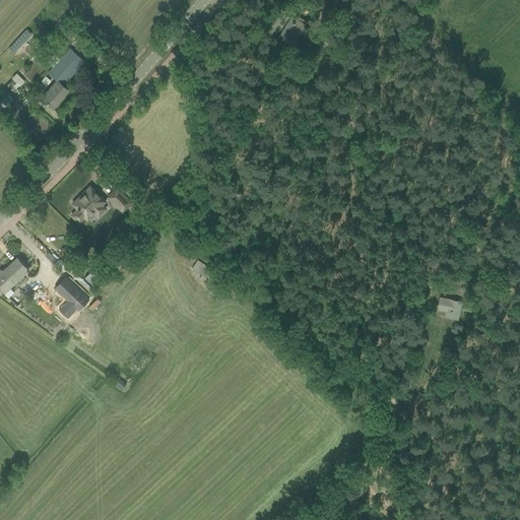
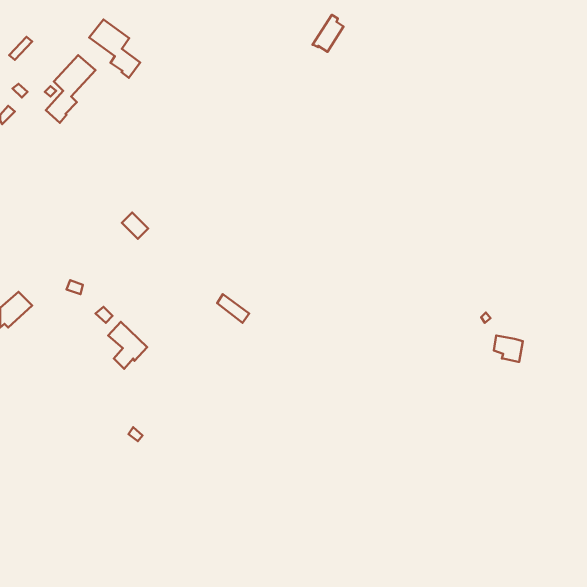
building: none -> [89,20,140,78]
building: [72,187,105,222] -> none
building: [54,276,88,318] -> [108,322,147,369]

